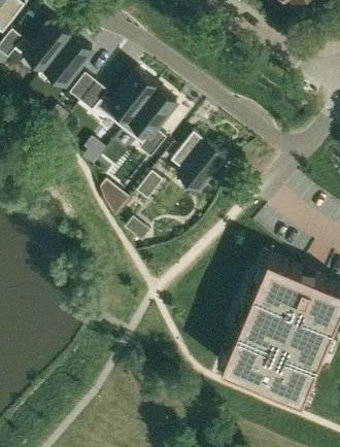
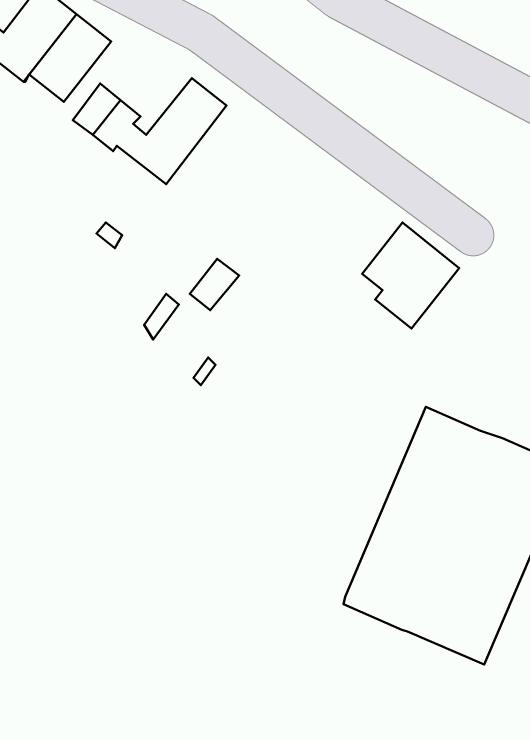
building: [123,84,177,157] -> none
building: [171,131,226,191] -> [362,223,459,329]

